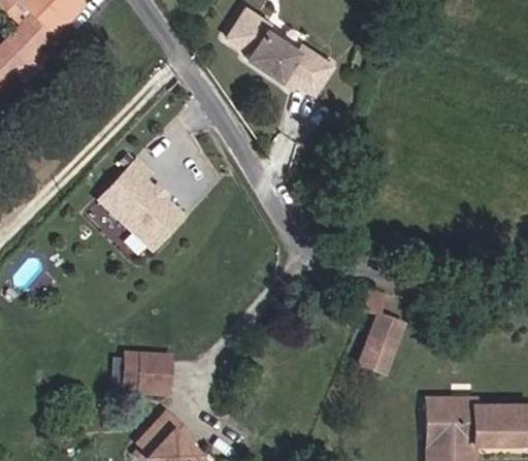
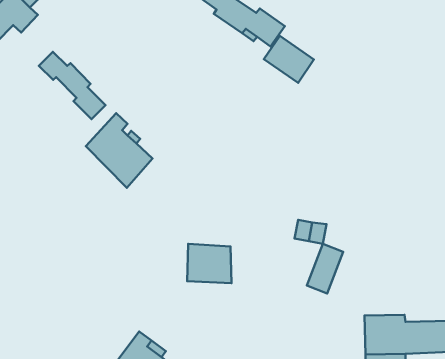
building: none -> [264,36,314,83]
building: none -> [39,52,106,119]
building: [124,352,175,397] -> [187,244,232,283]

